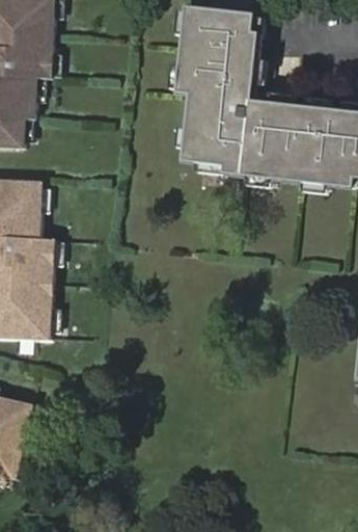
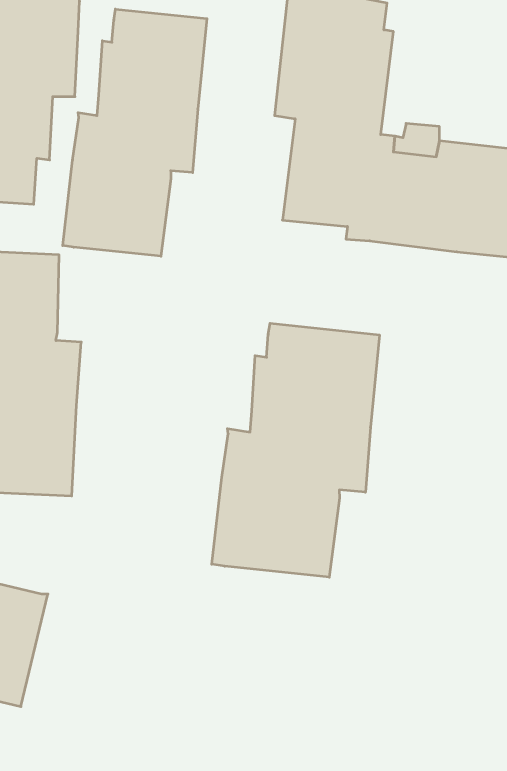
building: none -> [63,9,207,256]
building: none -> [212,323,379,577]

